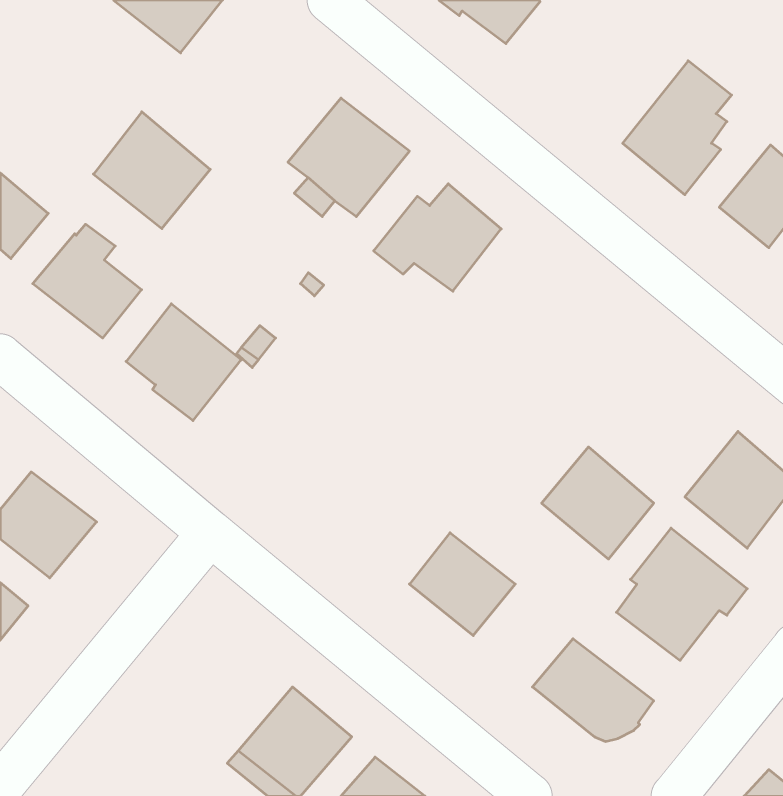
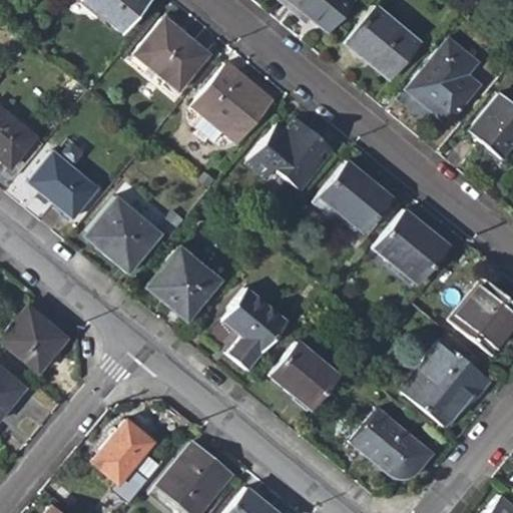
building: none -> [346,5,420,78]
building: [93,112,210,229] -> [135,16,210,91]
building: none -> [315,162,389,230]
building: none -> [151,245,222,320]
building: [542,447,654,559] -> [375,210,447,283]
building: none -> [222,288,287,369]
building: none -> [93,418,153,482]

